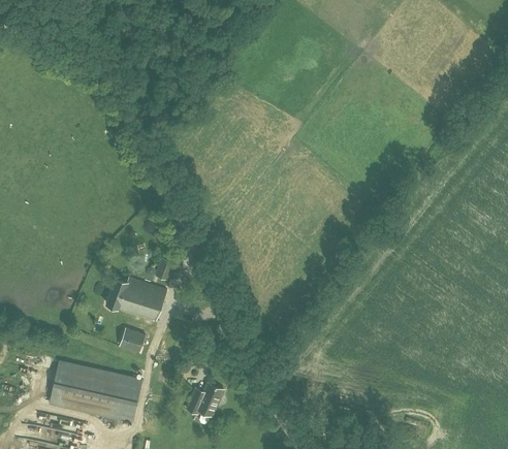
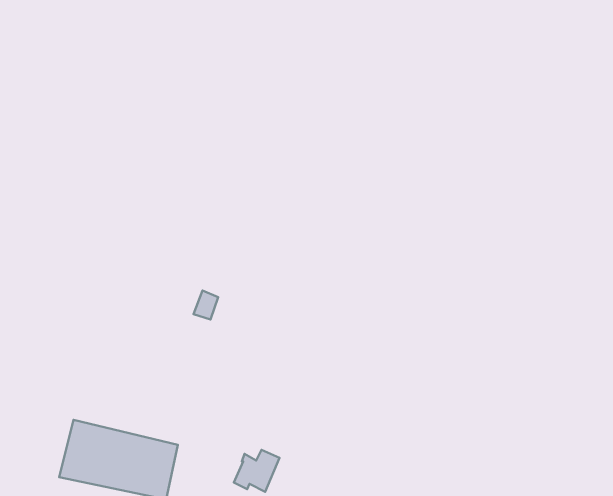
building: [106,277,166,321] -> none
building: [120,328,146,352] -> none

